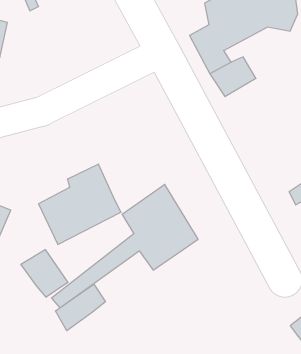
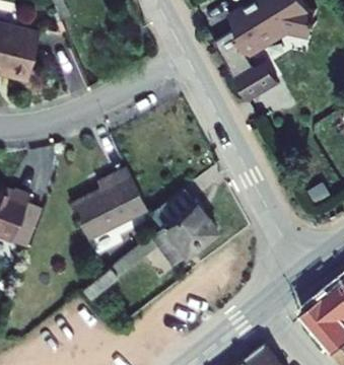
building: [21,250,68,297] -> none
building: [55,284,105,331] -> none

